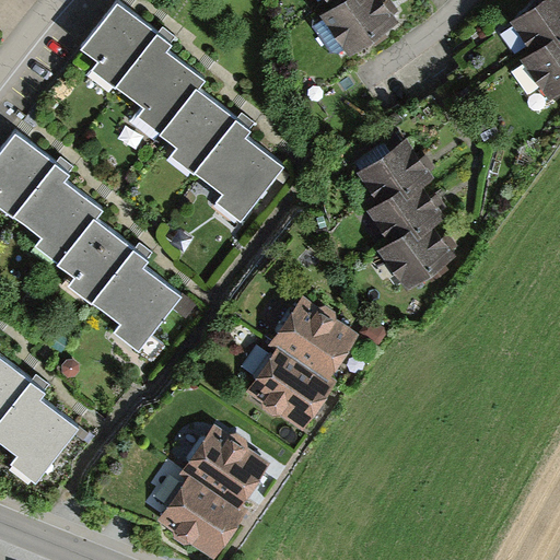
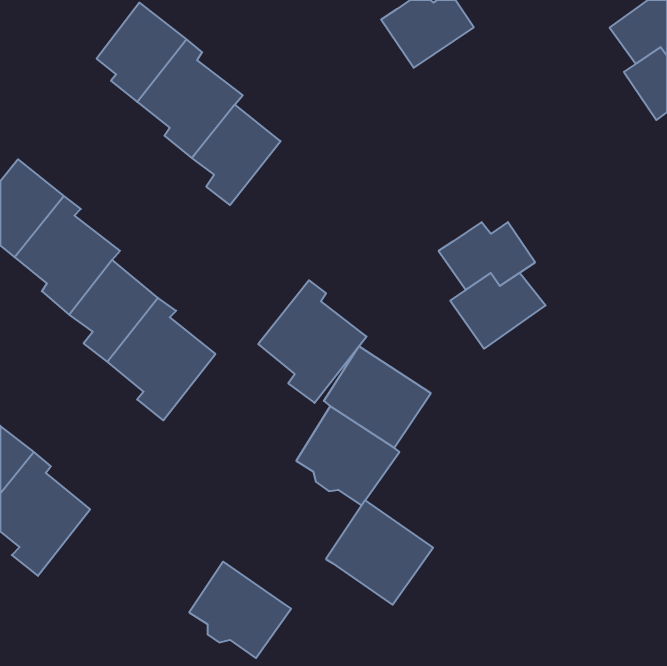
building: [192,119,283,222] -> [258,280,367,403]
building: [358,139,435,203] -> none
building: [182,419,271,506] -> [326,500,433,605]

